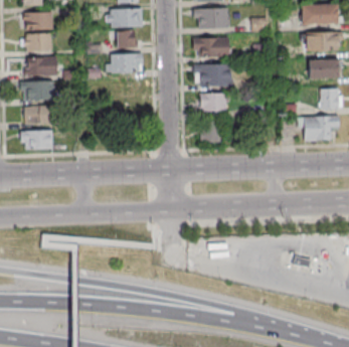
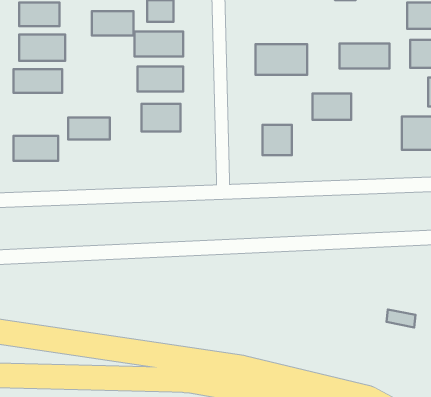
building: [193,37,229,55] -> [339,44,390,69]
building: none -> [92,11,134,36]
building: [199,93,227,112] -> [312,93,351,120]
building: [22,106,52,122] -> [68,117,110,140]

